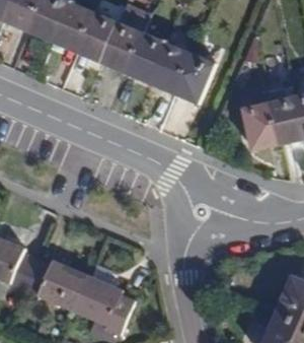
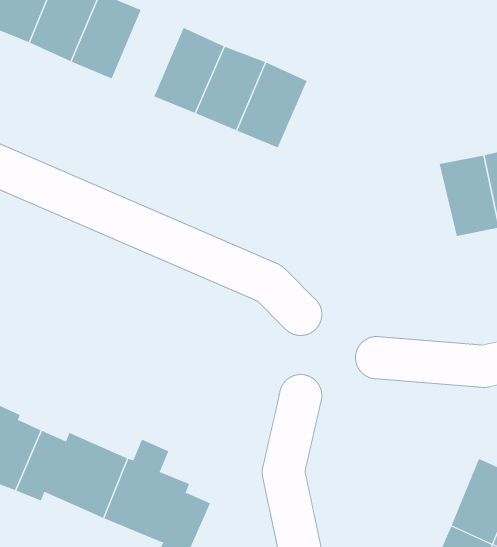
building: [76,11,118,62] -> none
building: [173,53,215,102] -> none
building: [241,101,278,150] -> none

